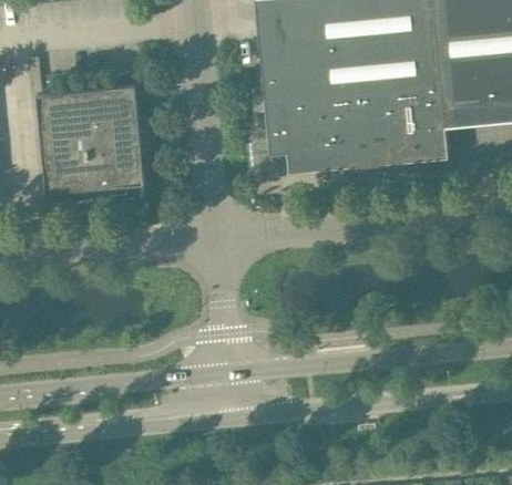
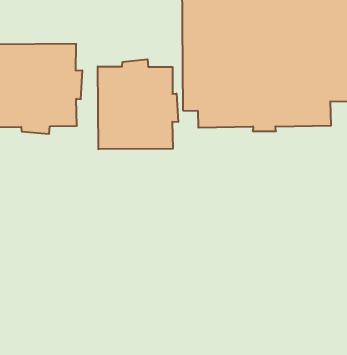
building: none -> [98,59,178,149]

